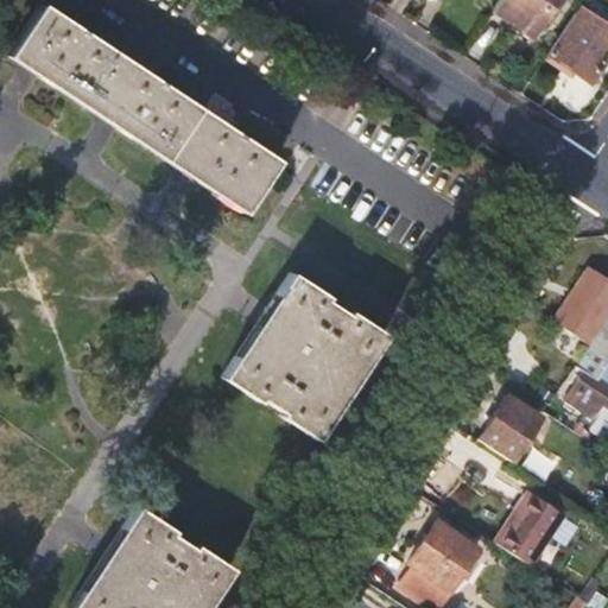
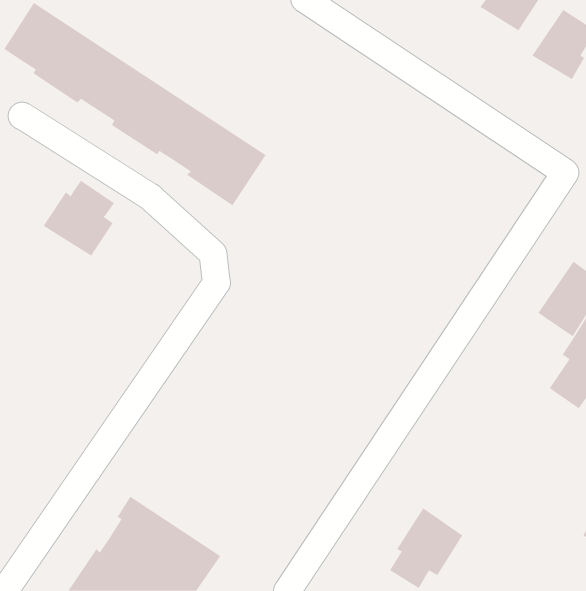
building: none -> [43,180,115,256]
building: [227,271,391,442] -> none
building: [482,395,545,463] -> none
building: [500,492,569,566] -> none

